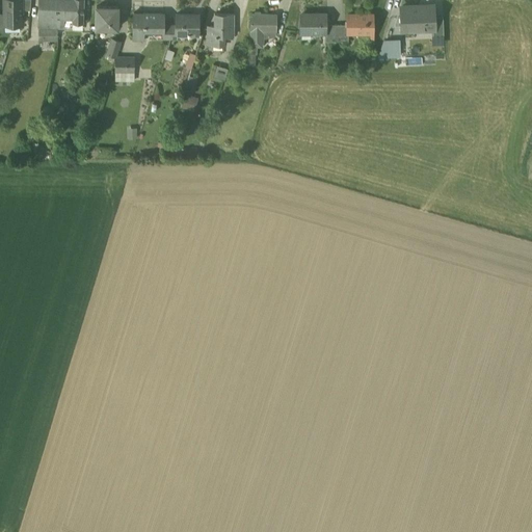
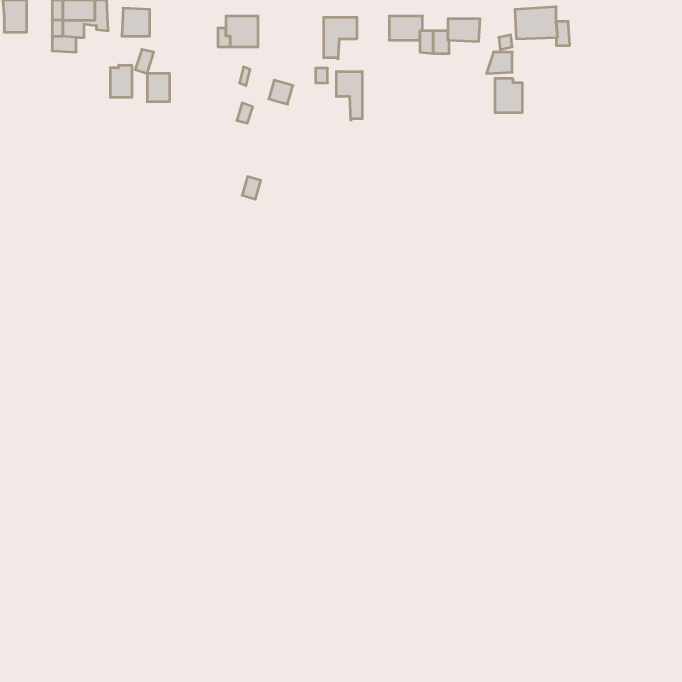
building: [134,14,163,41] -> none
building: [208,15,233,46] -> none
building: none -> [110,65,132,97]
building: none -> [336,71,362,120]
building: none -> [495,78,522,113]

